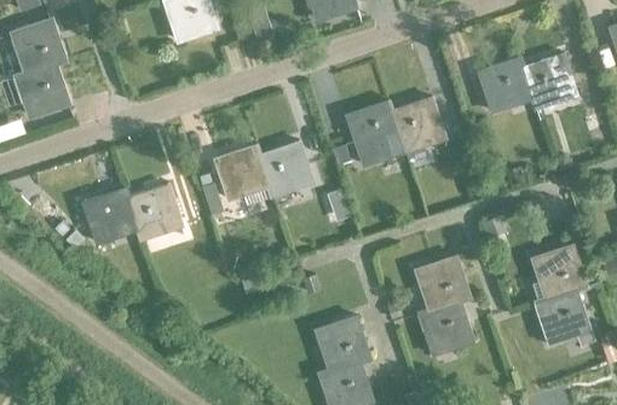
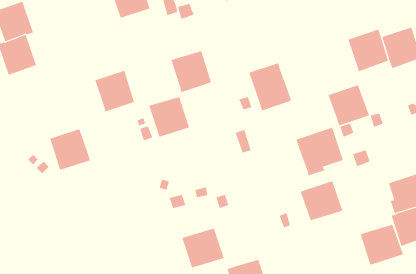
building: [388,97,444,151] -> [327,84,370,126]
building: [258,140,312,196] -> [171,51,212,93]
building: [127,184,180,239] -> [95,70,135,112]
building: none -> [296,127,343,176]
building: [416,300,474,354] -> [360,224,404,265]
building: [313,317,370,370] -> [181,228,225,268]

